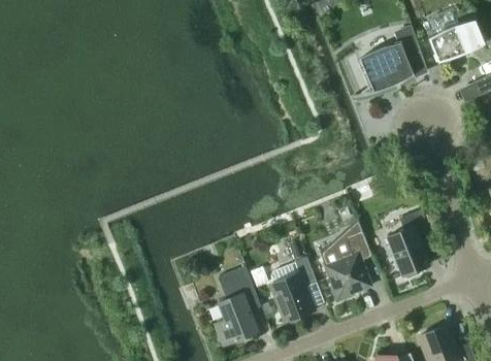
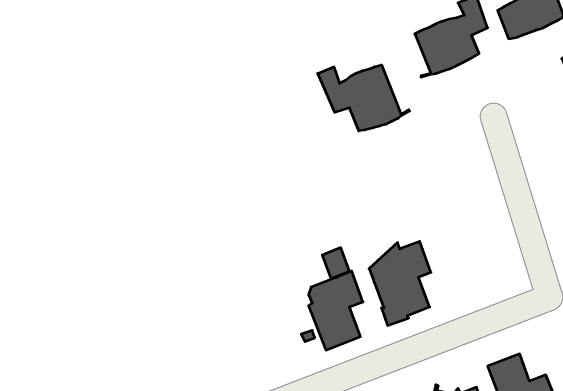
building: none -> [318,65,410,131]
building: [387,209,431,275] -> none
building: [215,267,258,346] -> none

